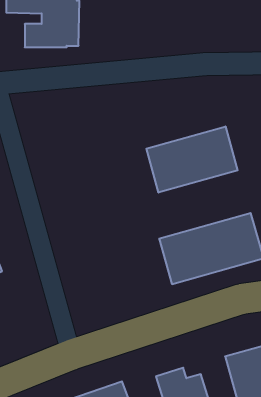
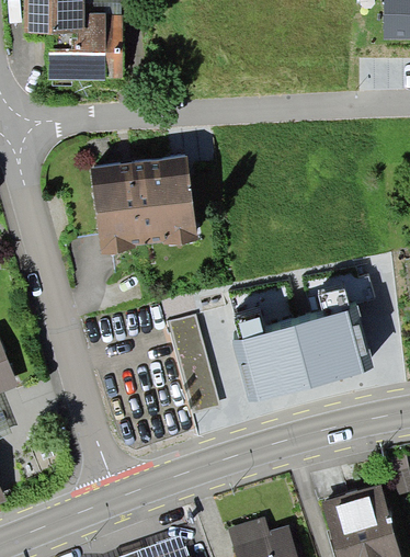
building: none -> [89,157,196,254]
building: [146,126,238,193] -> none
building: none -> [168,314,219,412]

